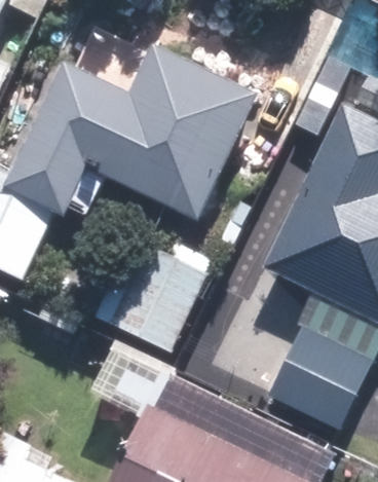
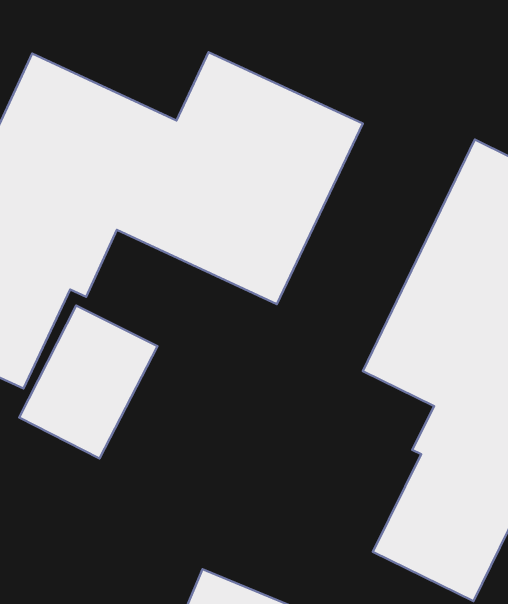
building: [110,246,207,354] -> [19,305,158,458]

